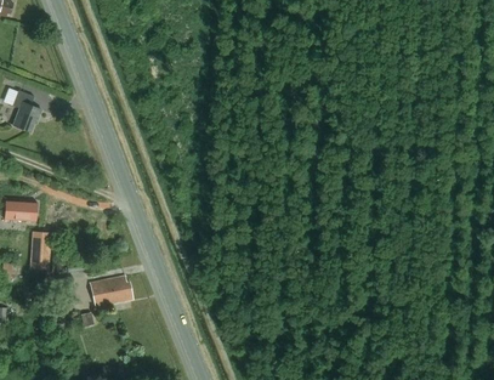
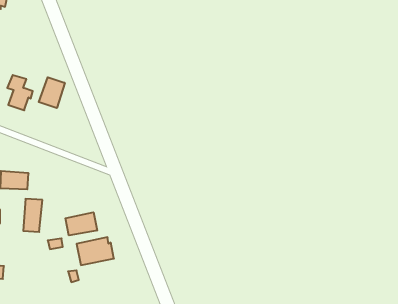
building: none -> [39,77,65,108]
building: none -> [65,212,97,235]

